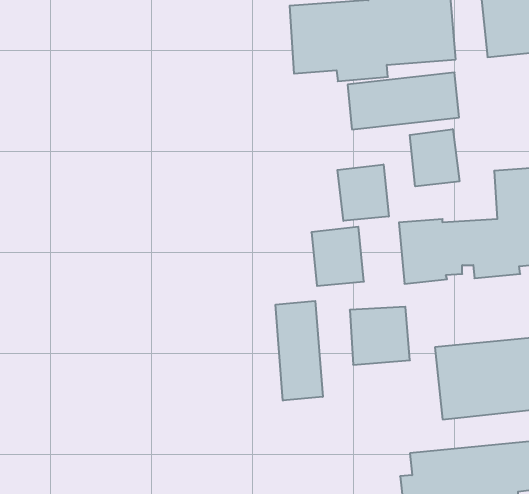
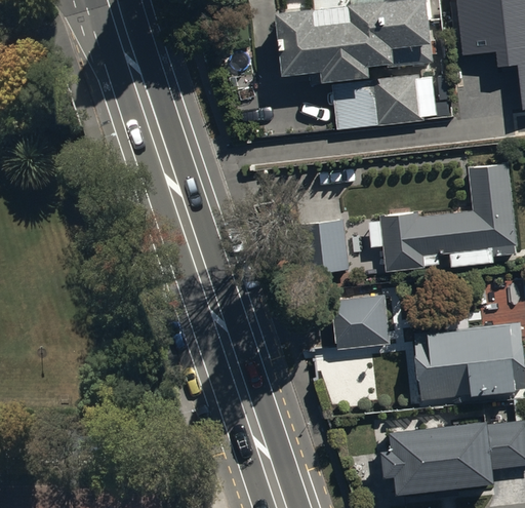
building: [410,129,459,186] -> none
building: [337,164,389,221] -> none
building: [276,301,323,401] -> none

